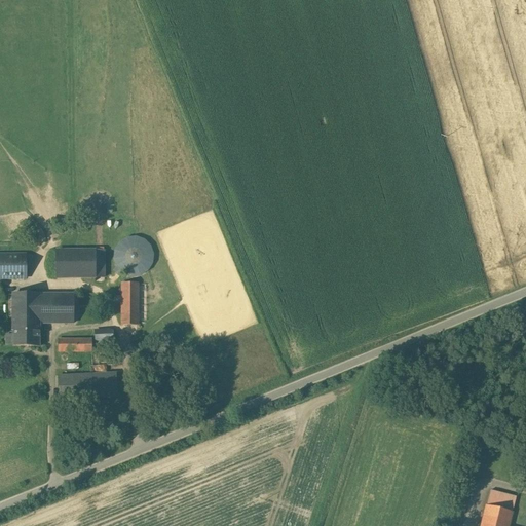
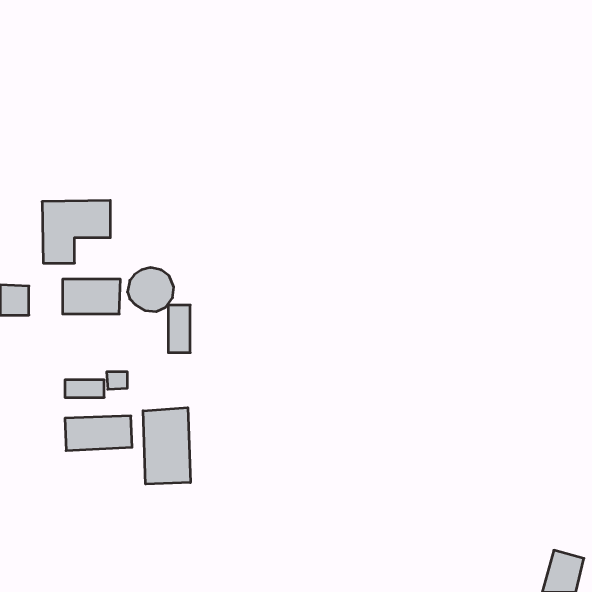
building: [120,283,140,325] -> [168,305,190,353]
building: [10,291,71,346] -> [42,200,110,263]
building: none -> [143,408,190,484]

